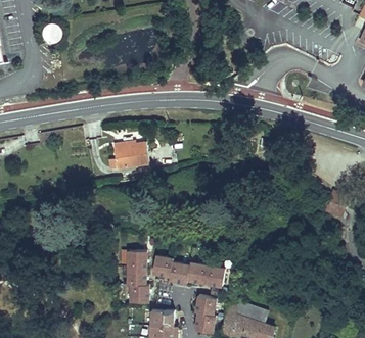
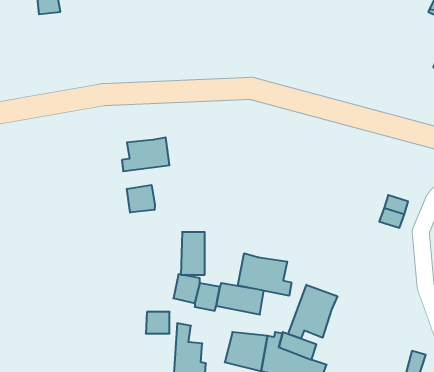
building: none -> [127,185,155,213]
building: none -> [238,253,291,296]
building: [126,250,145,285] -> [181,232,205,275]
building: none -> [288,285,337,339]

